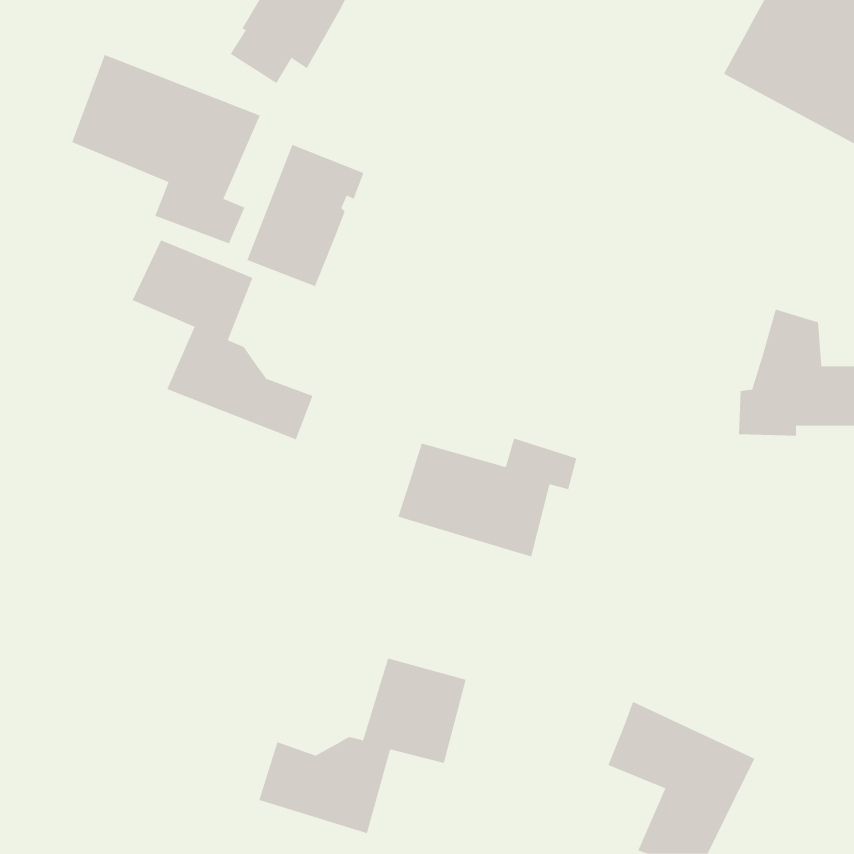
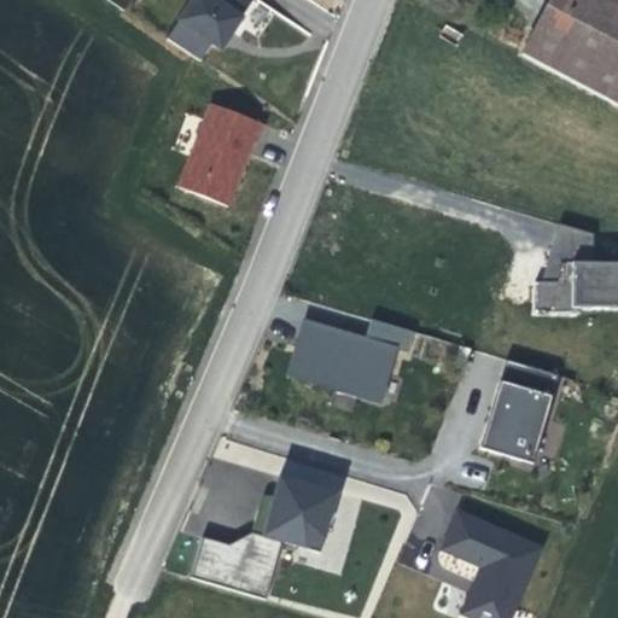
building: [71,54,261,244] -> none
building: [132,239,313,440] -> none
building: none -> [483,357,560,462]

